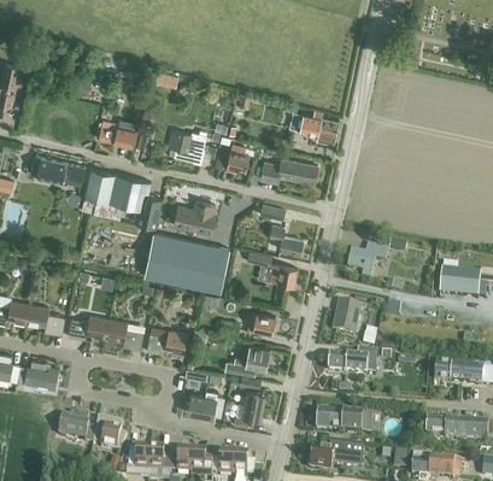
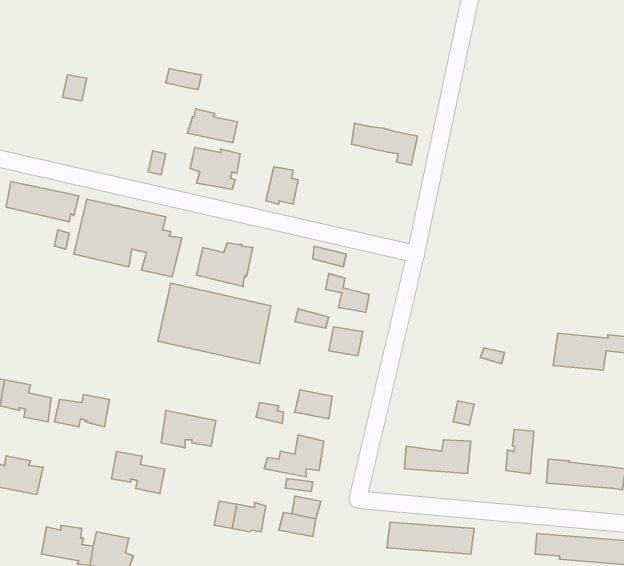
building: [96,119,134,145] -> [188,109,238,143]
building: [259,157,317,182] -> none
building: [347,242,388,277] -> none
building: [331,299,362,333] -> none
building: [104,317,143,348] -> [112,451,165,493]
building: none -> [506,429,534,474]

